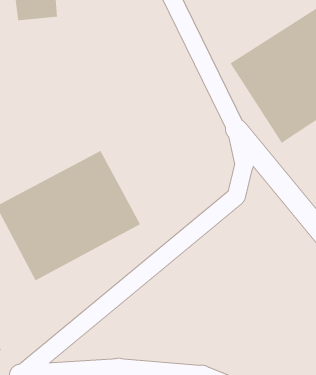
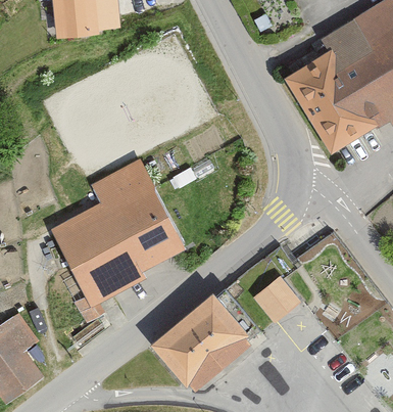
building: none -> [260,280,301,321]
building: none -> [163,295,257,390]

